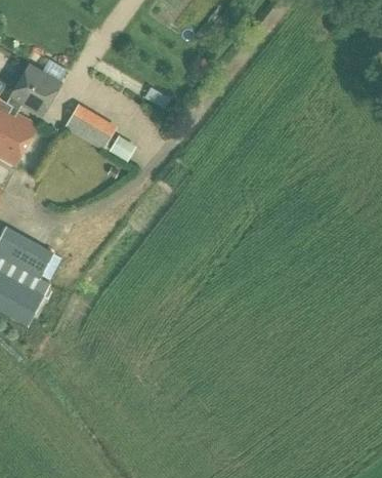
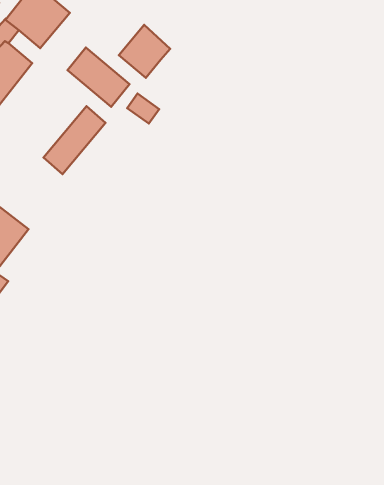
building: none -> [119,25,170,78]
building: none -> [43,106,106,174]

